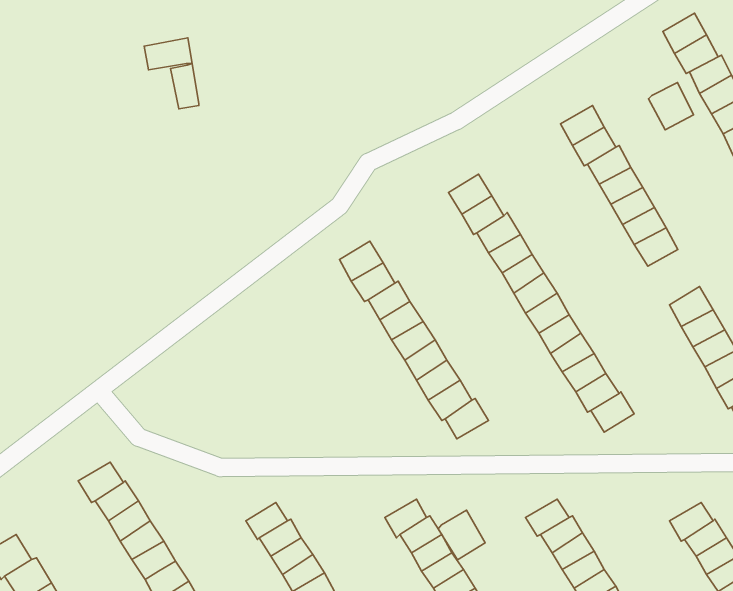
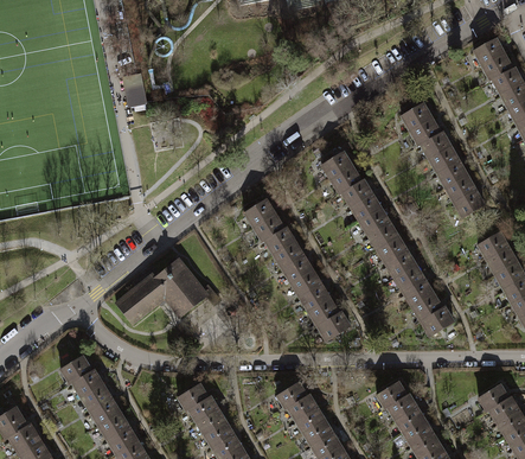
building: [144,38,192,70] -> none
building: [648,82,694,130] -> none
building: none -> [116,259,213,323]
building: [438,510,485,560] -> none

